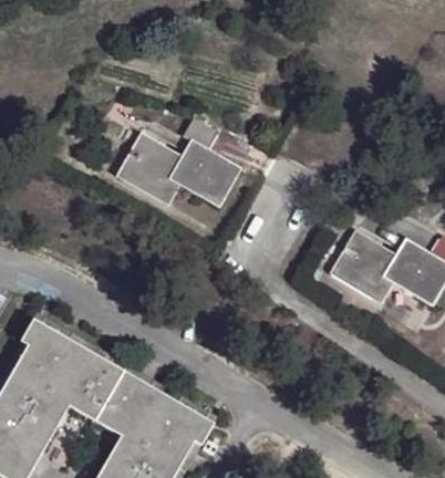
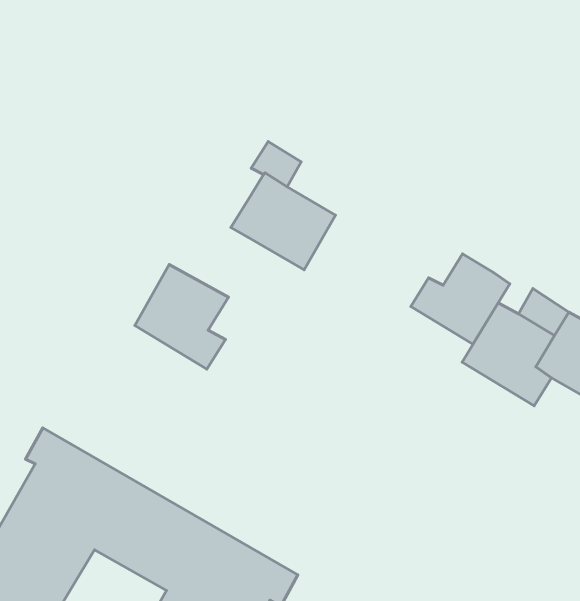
building: [114,131,180,205] -> [135,264,229,369]
building: none -> [411,254,510,344]

